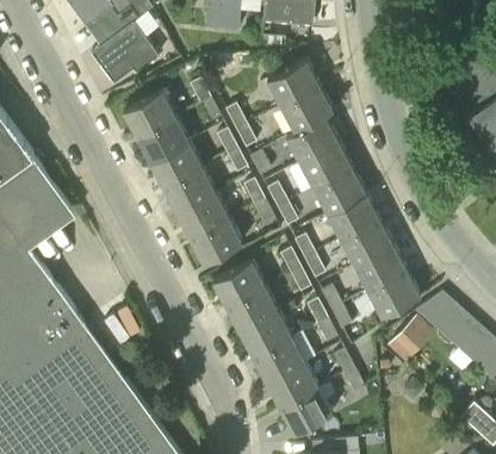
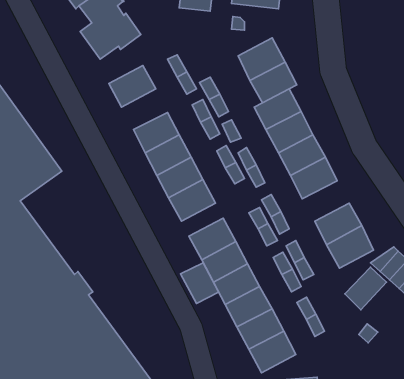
building: [137,116,188,161] -> none
building: [339,218,391,263] -> none
building: none -> [181,263,218,304]

